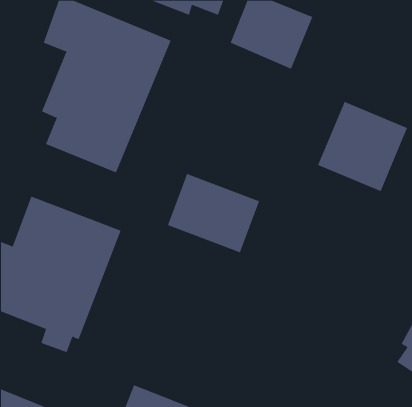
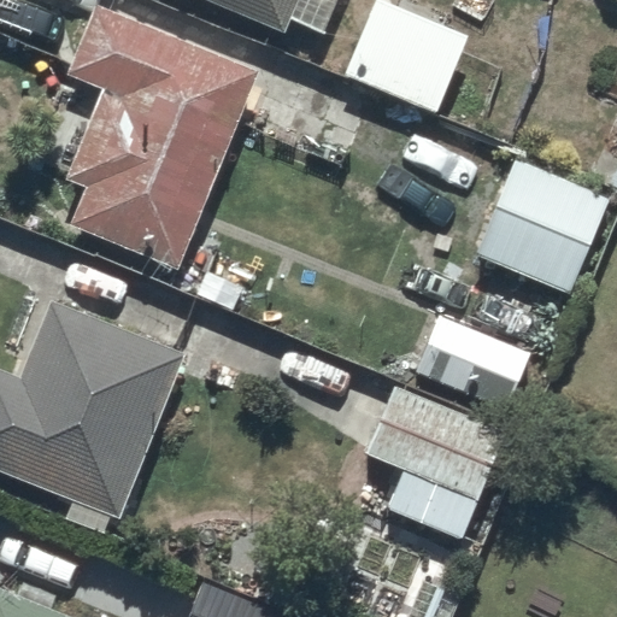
building: [167,173,260,253] -> none
building: none -> [372,319,530,536]

